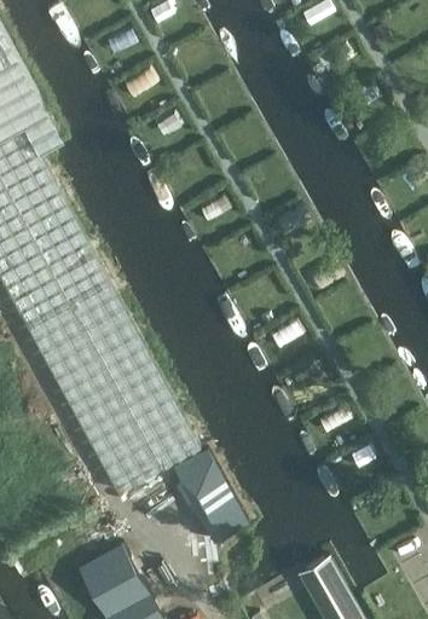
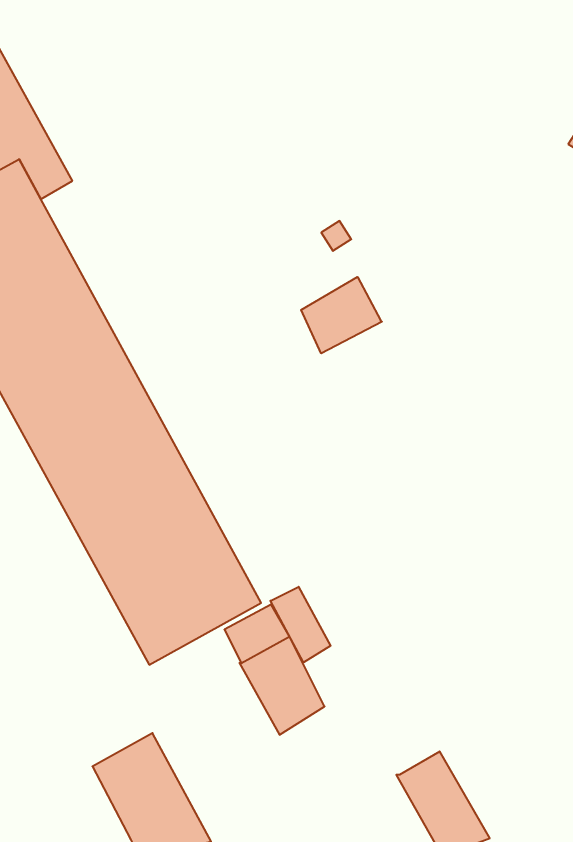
building: none -> [301,277,382,353]
building: none -> [270,587,331,662]

